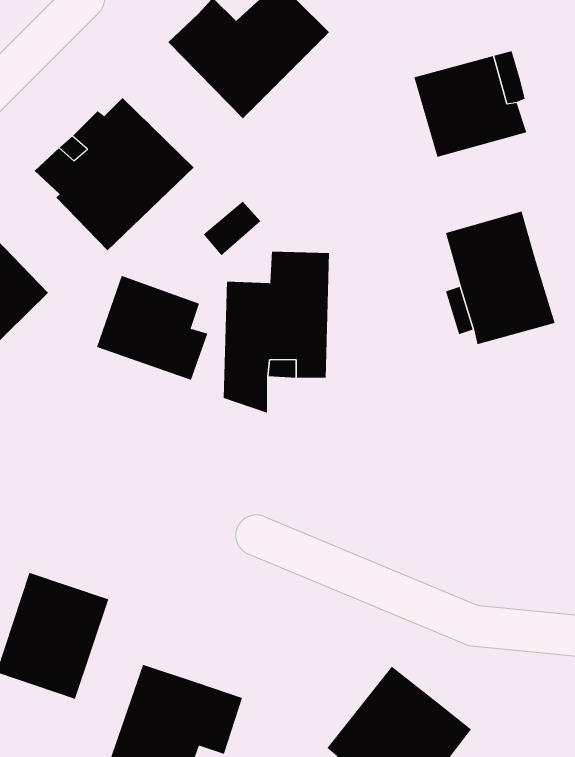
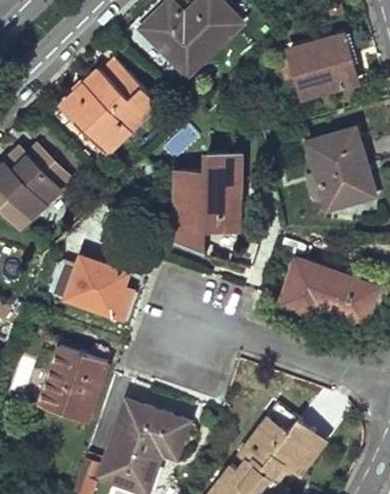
building: [96,275,208,380] -> [65,256,133,319]
building: none -> [278,259,376,325]

